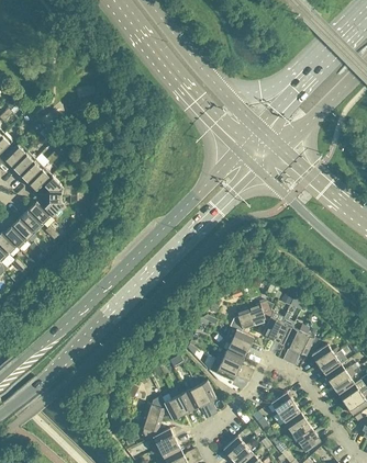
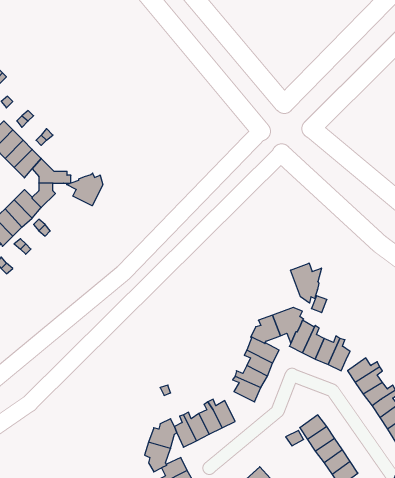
building: none -> [67,173,103,206]
building: none -> [291,263,321,303]

